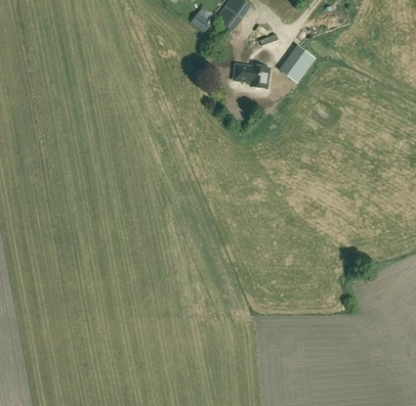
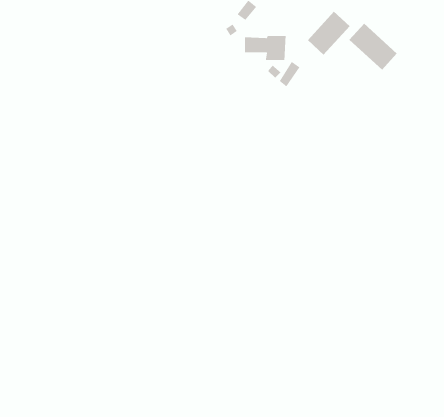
building: none -> [349,23,398,71]

